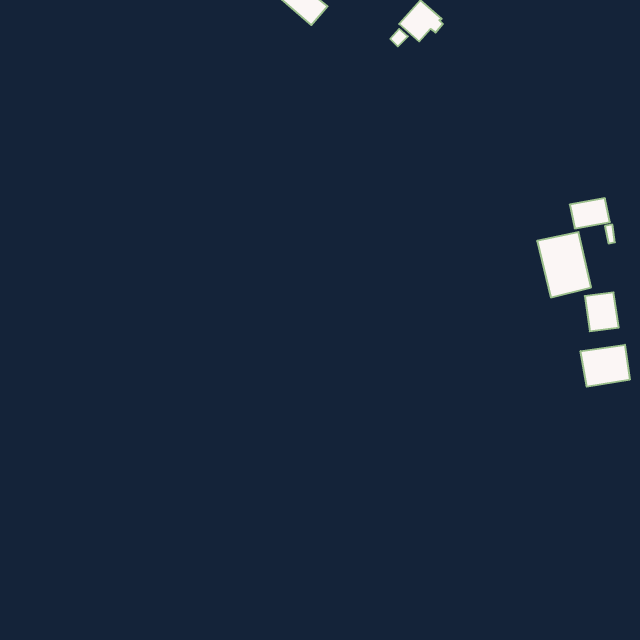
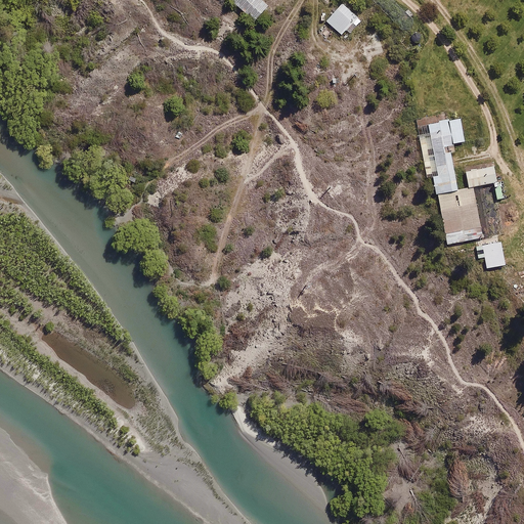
building: none -> [419,117,464,193]
building: [581,345,630,387] -> none

